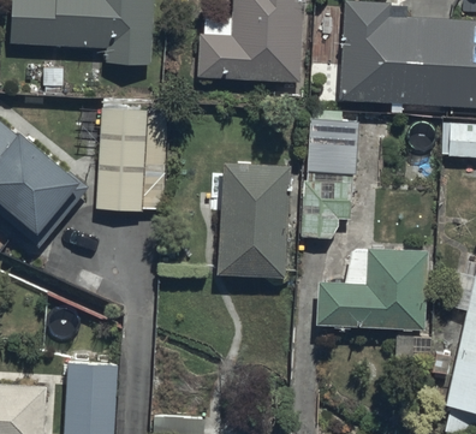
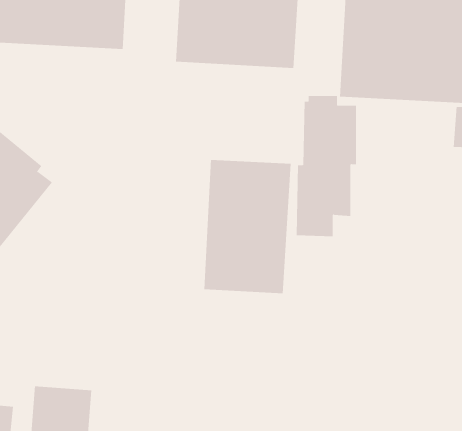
building: [94,96,168,207] -> none
building: [319,246,432,326] -> none

